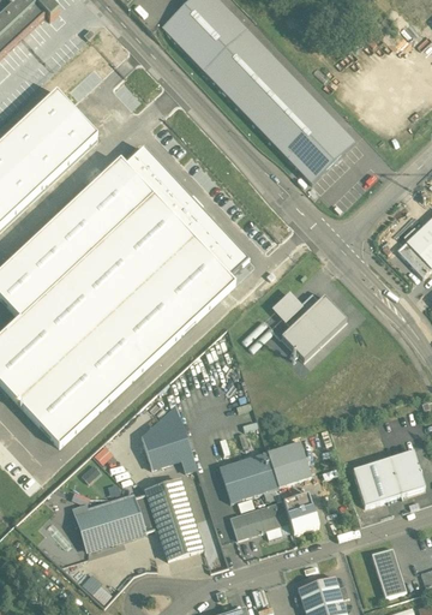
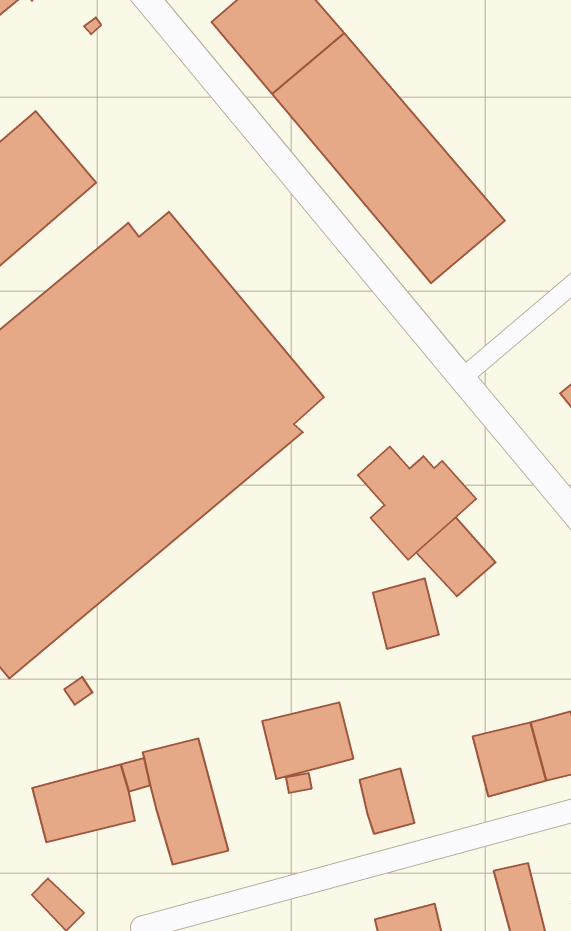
building: none -> [416,517,496,596]
building: [140,401,197,471] -> none
building: [268,441,311,486] -> [373,579,439,649]
building: [230,501,289,539] -> none

